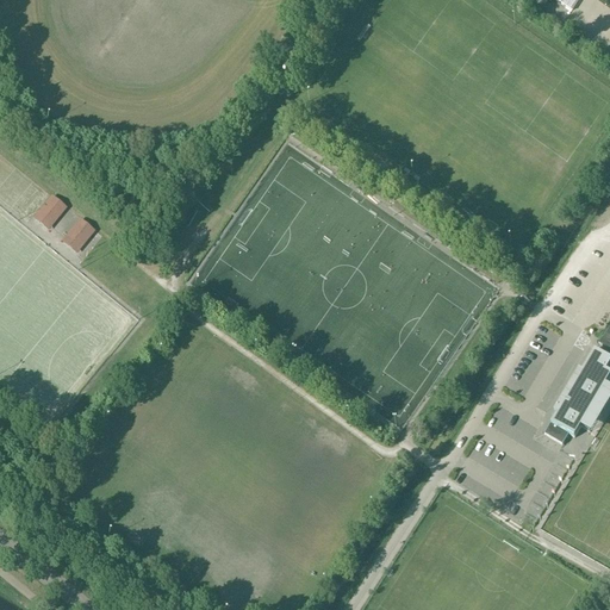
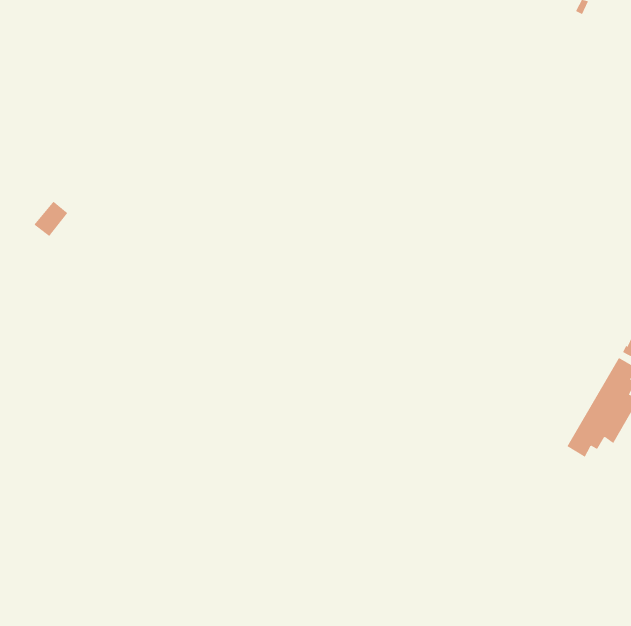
building: [63,216,97,251] -> none

